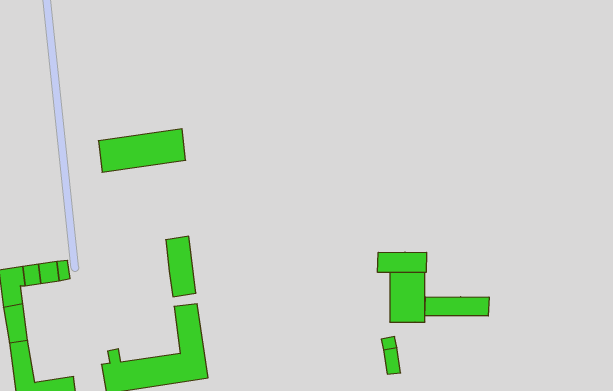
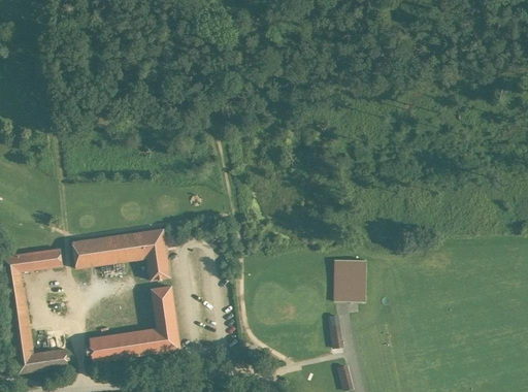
building: [98,129,186,172] -> [73,231,147,268]
building: [378,252,427,272] -> none
building: [425,297,489,316] -> none

